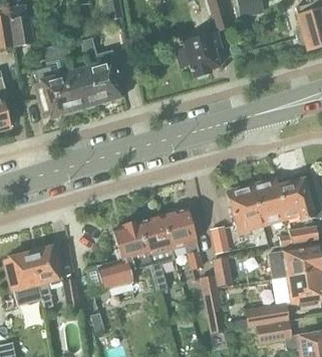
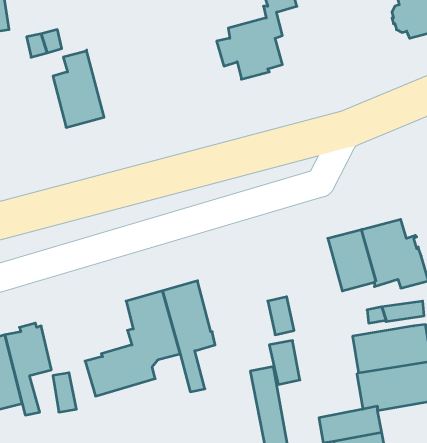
building: [81,38,124,102] -> none
building: [33,65,72,116] -> none
building: [228,186,267,245] -> none
building: [163,209,202,268] -> none

